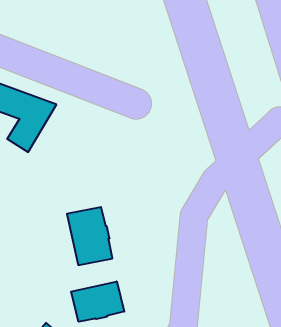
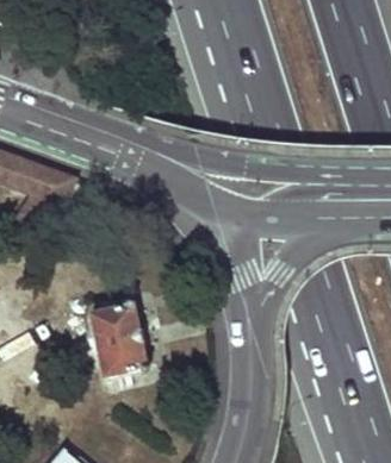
building: [71,281,124,322] -> none

